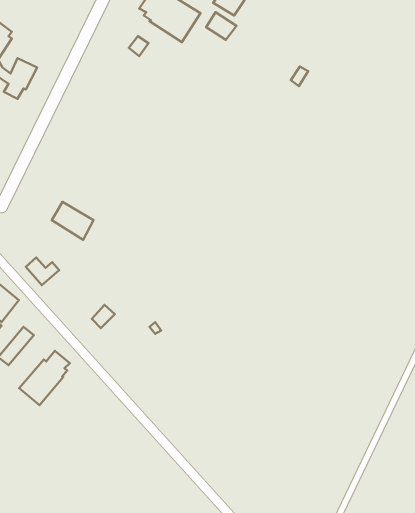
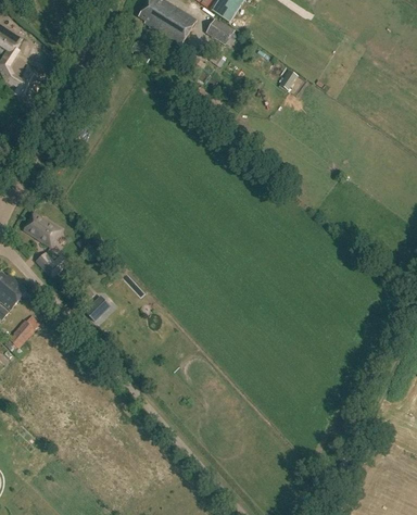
building: [52,202,94,240] -> [20,210,59,246]
building: [19,351,70,405] -> none

